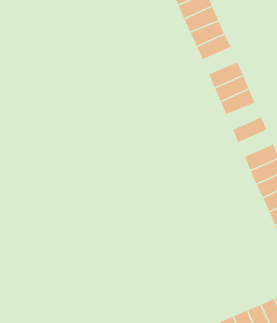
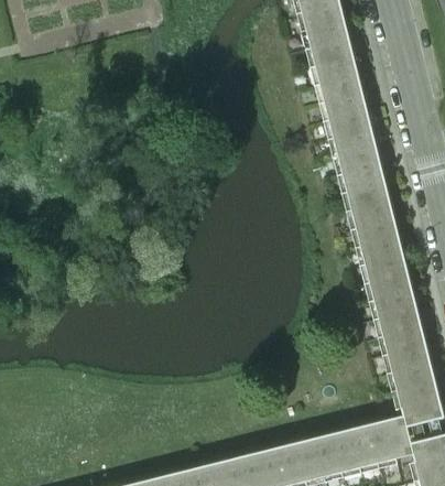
building: none -> [328,111,371,139]
building: none -> [346,184,389,212]
building: none -> [355,219,398,247]

